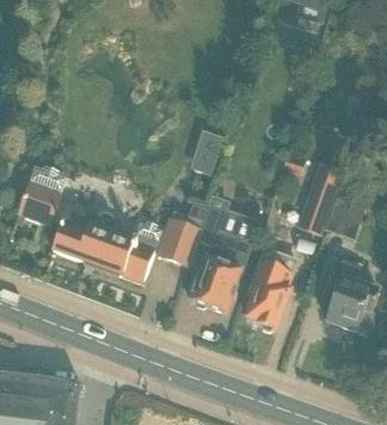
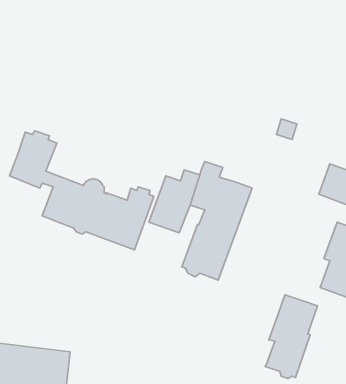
building: [192,127,226,172] -> none
building: [296,164,340,234] -> none
building: [245,250,296,332] -> [265,295,317,379]

